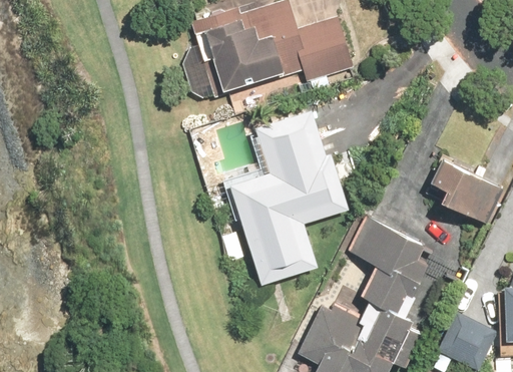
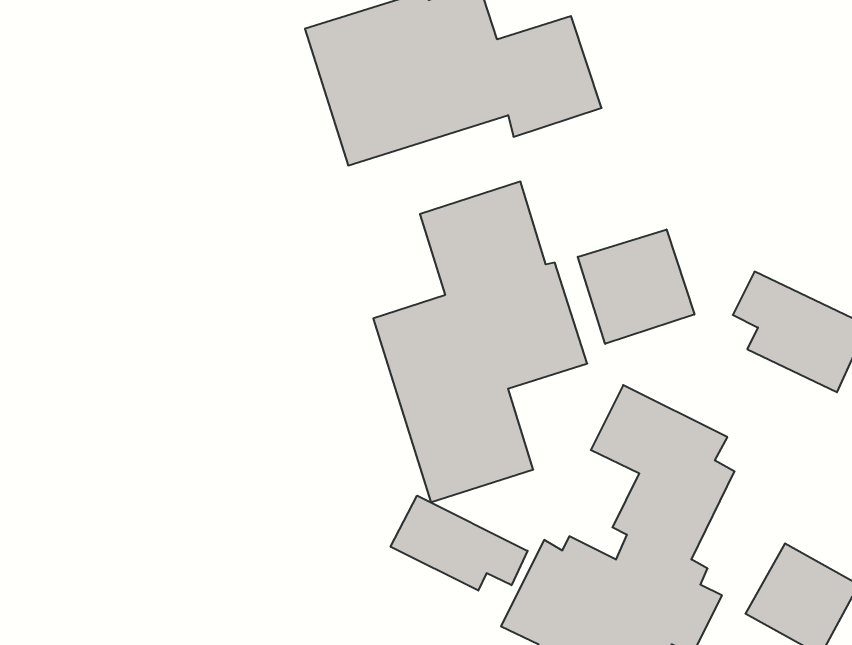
building: none -> [578,229,694,344]
building: none -> [391,496,528,591]

